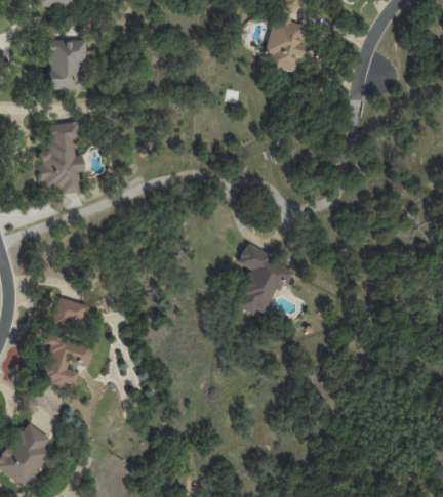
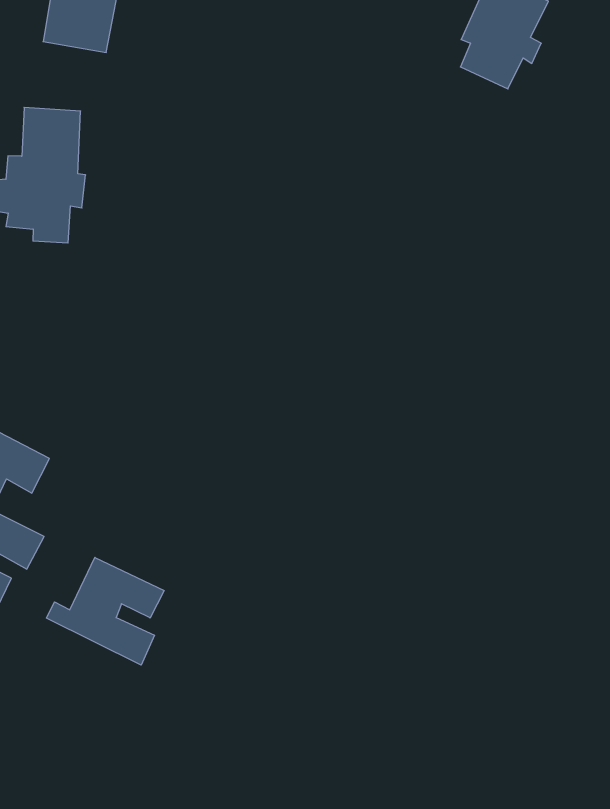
building: [231,243,292,316] -> none
building: none -> [46,557,164,665]

